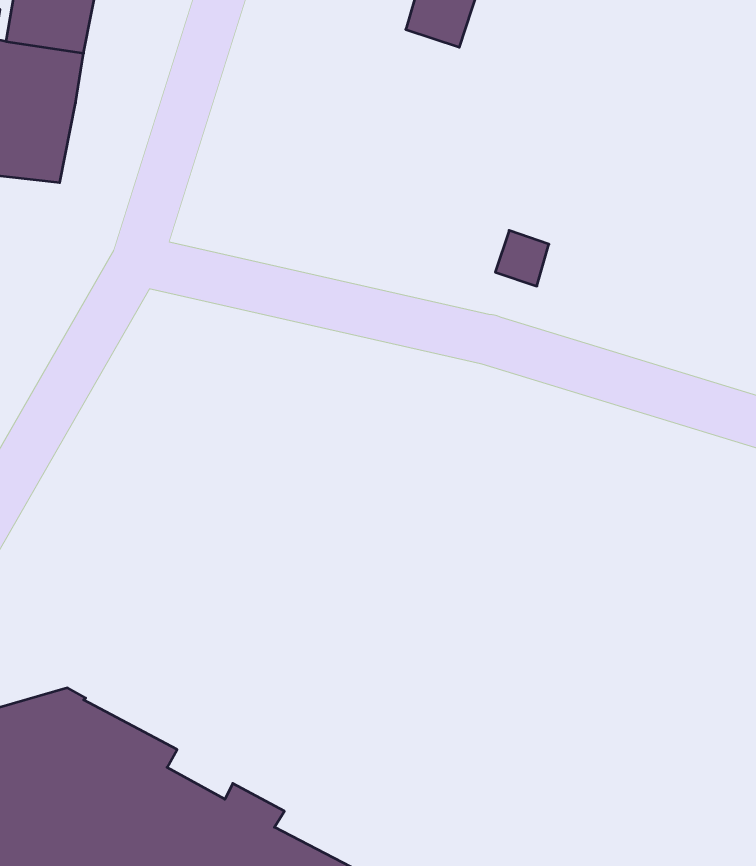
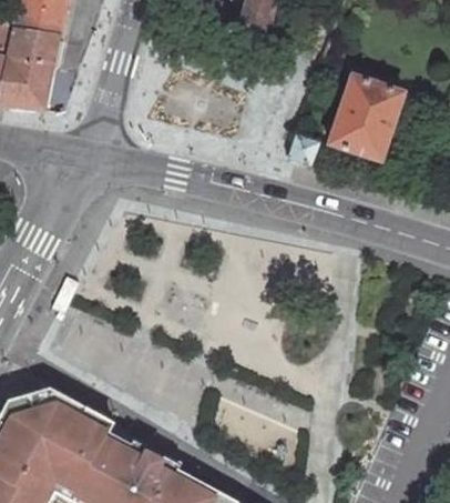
building: none -> [330,78,405,164]

